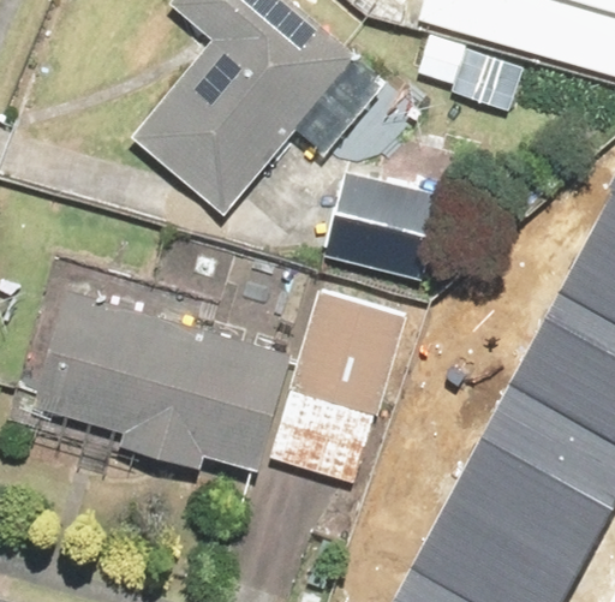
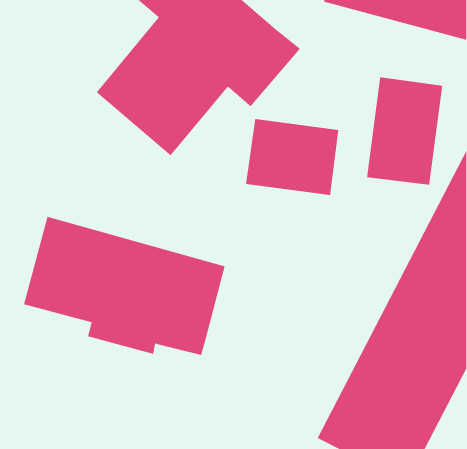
building: none -> [366,77,443,185]
building: [271,285,413,478] -> none

